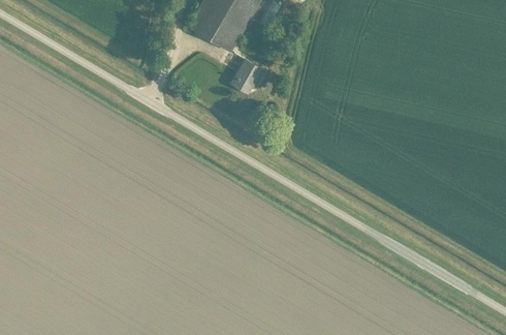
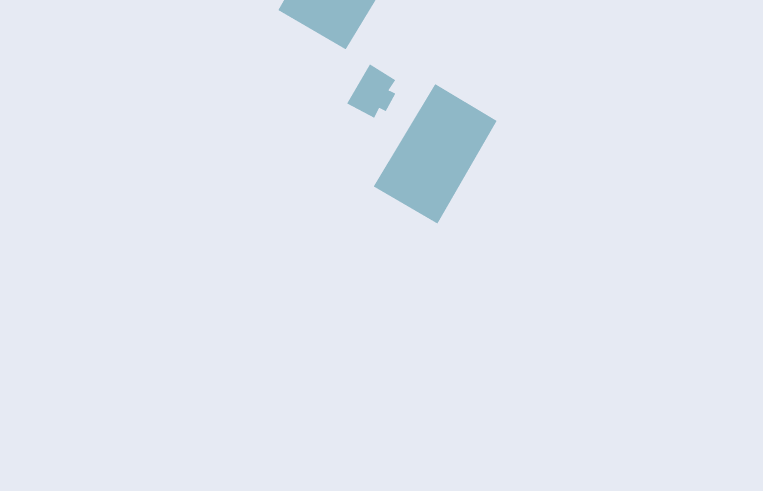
building: none -> [373,83,497,224]

